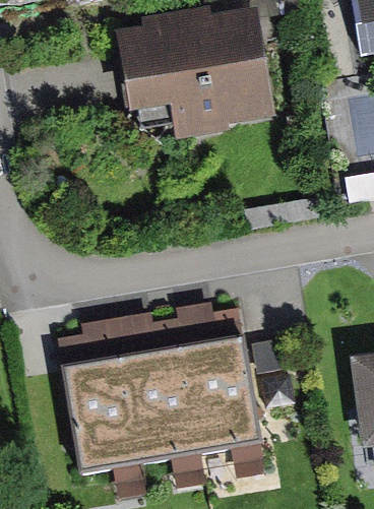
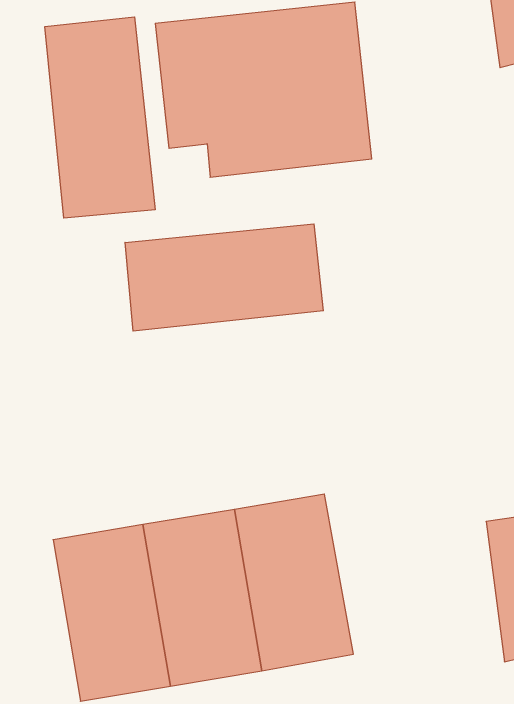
building: none -> [45,17,155,218]
building: none -> [125,224,323,331]

